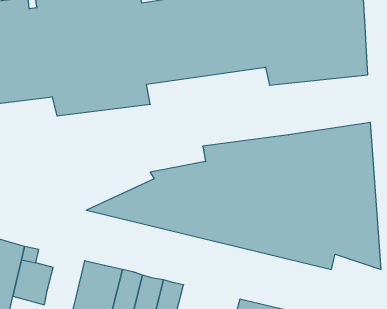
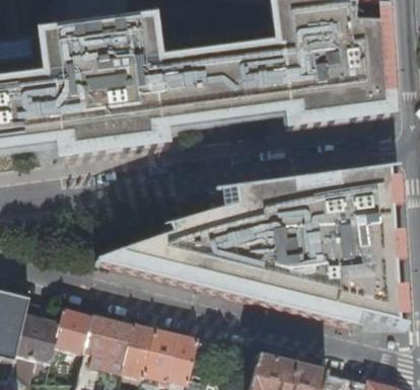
building: none -> [55,307,94,353]

